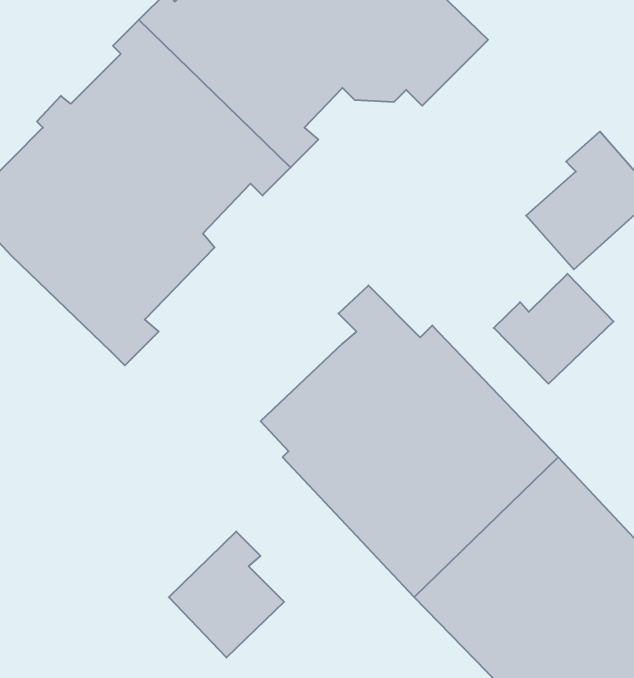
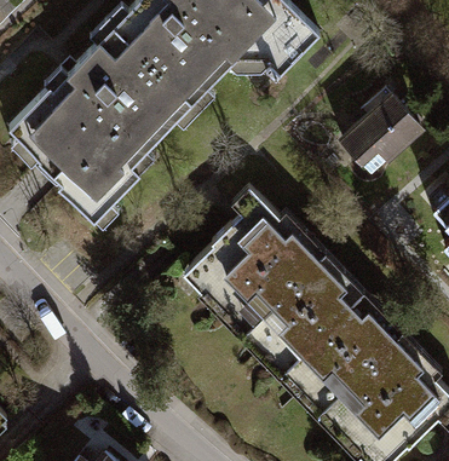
building: [494,274,614,384] -> none
building: [169,531,284,658] -> none

